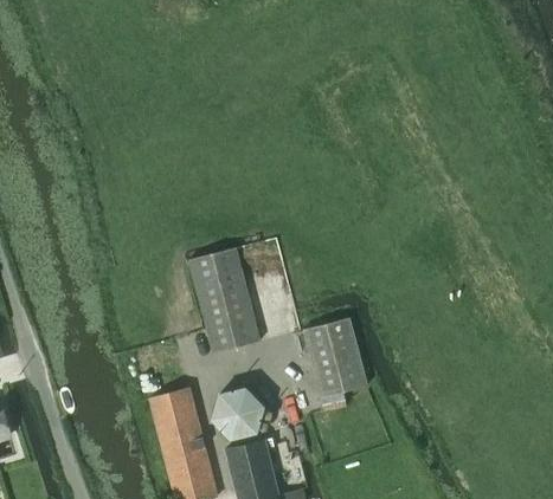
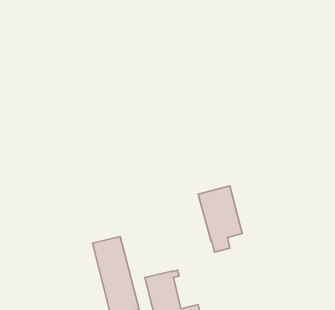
building: [188,247,258,351] -> none
building: [211,388,265,442] -> none

